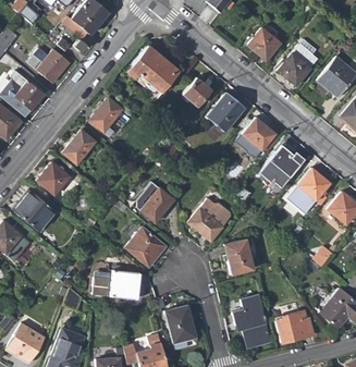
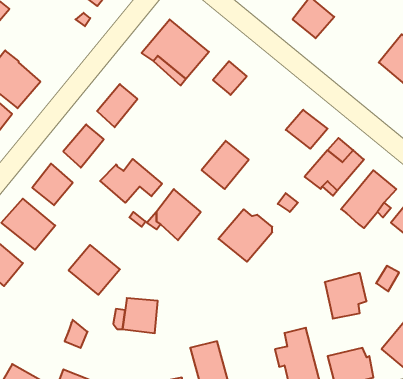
building: [279,39,318,85] -> none
building: [28,48,71,83] -> none
building: [207,93,245,132] -> [202,141,249,189]
building: none -> [100,159,162,203]
building: [125,227,167,267] -> [69,245,120,295]
building: [225,236,259,273] -> [325,273,367,319]

